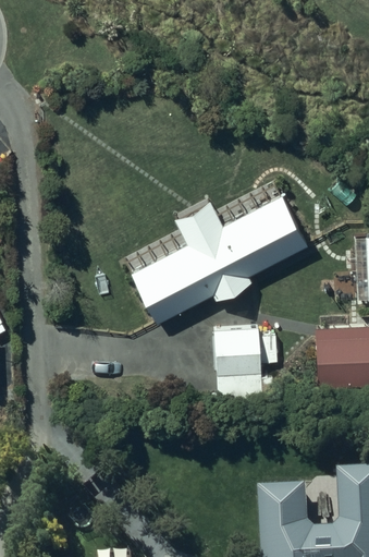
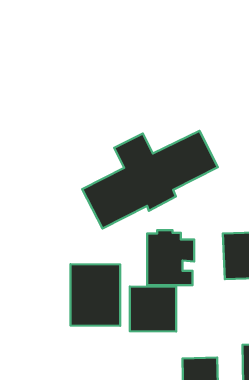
building: none -> [70,264,120,326]
building: none -> [130,287,176,331]

